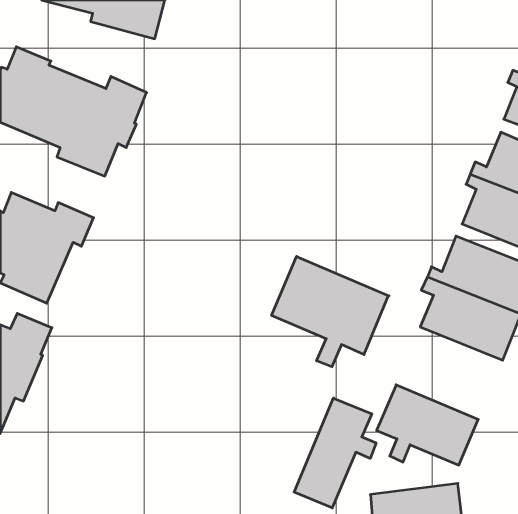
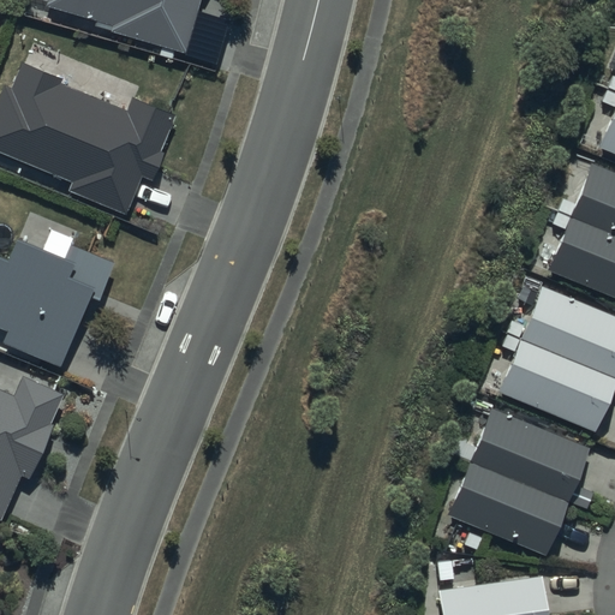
building: [272,256,389,367] -> none
building: none -> [453,408,589,502]
building: [294,398,376,508] -> none

